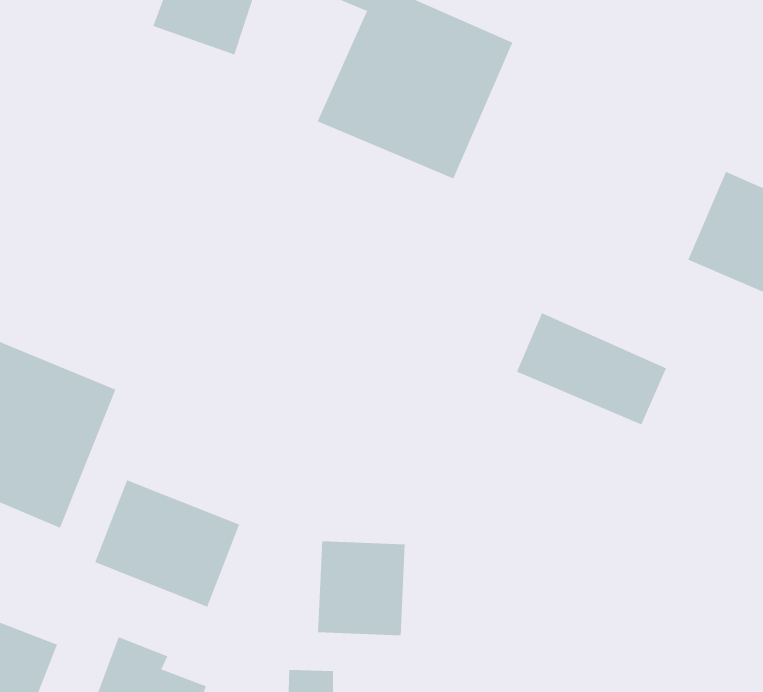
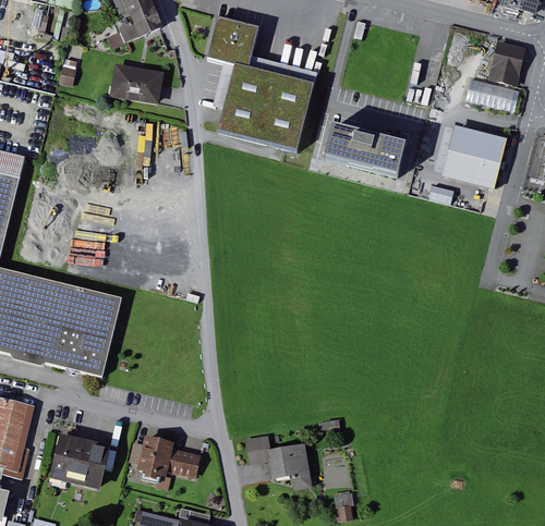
building: [516,313,667,425] -> [318,123,401,176]
building: [95,480,240,607] -> none
building: [318,541,405,636] -> none

